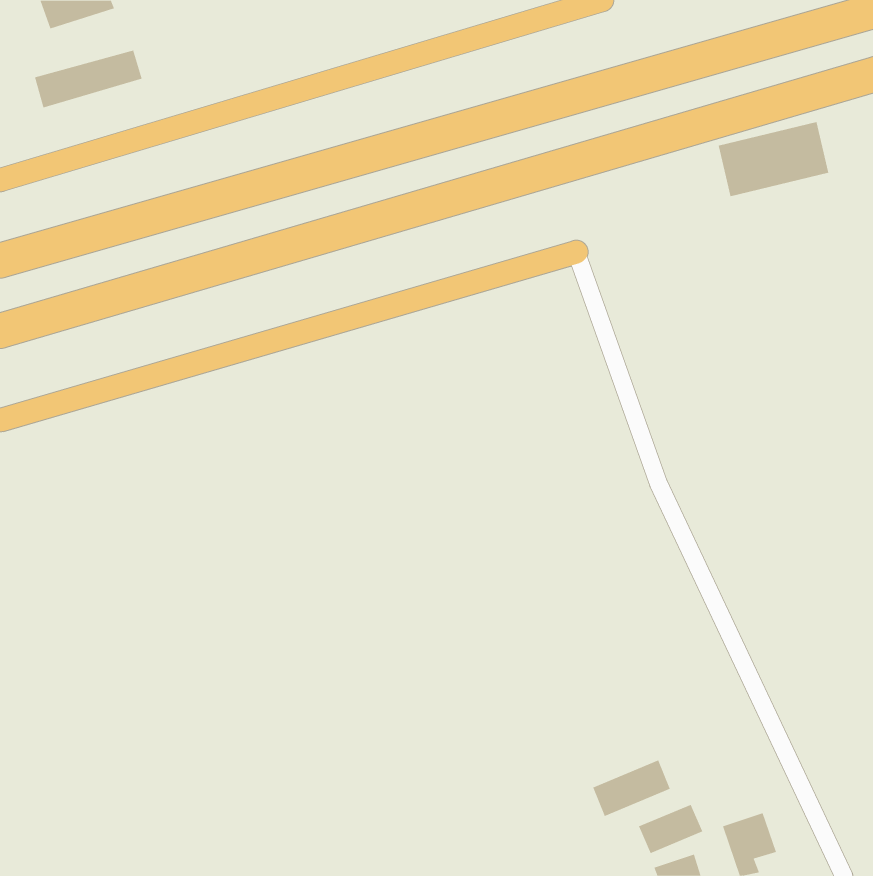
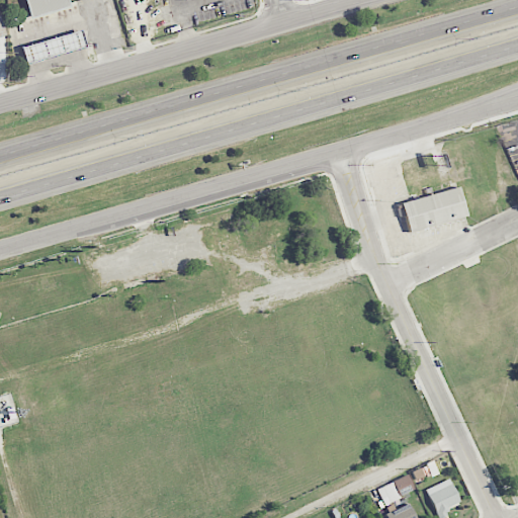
building: [718,122,829,197] -> [402,186,467,231]
building: [593,760,670,817] -> none

